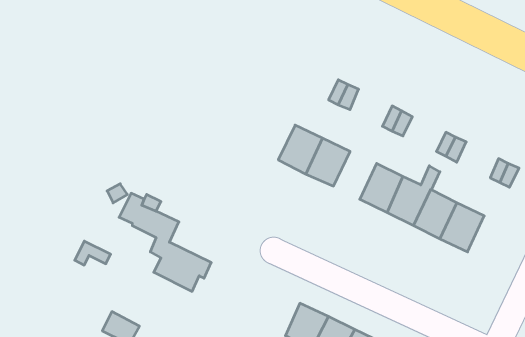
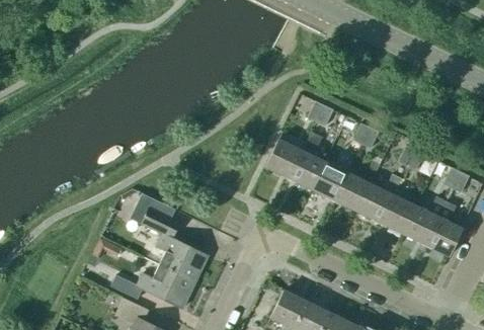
building: none -> [311,161,347,201]
building: none -> [424,216,462,257]
building: none -> [110,263,191,308]

